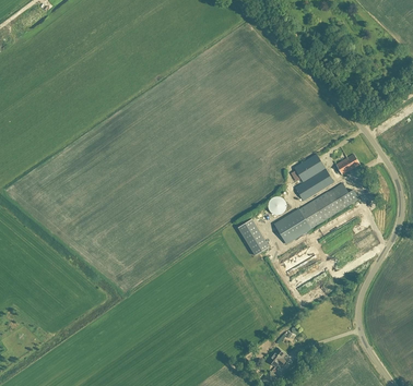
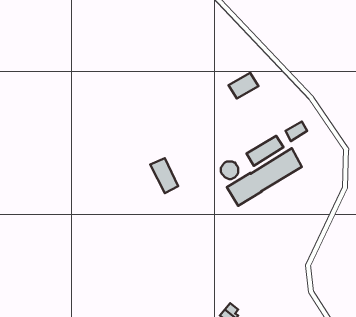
building: [293,154,324,181] -> [229,73,258,99]
building: [239,218,269,255] -> [150,158,178,193]

